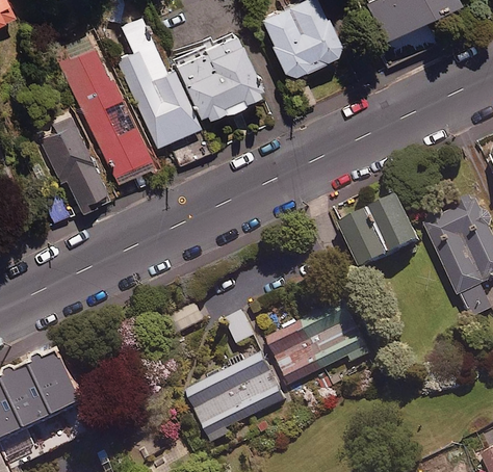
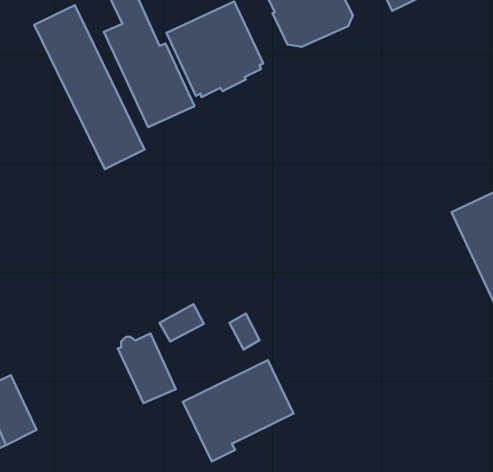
building: [40,115,108,212] -> none
building: [341,195,419,266] -> none
building: [268,300,370,384] -> none
building: [31,352,83,415] -> [118,333,176,403]

